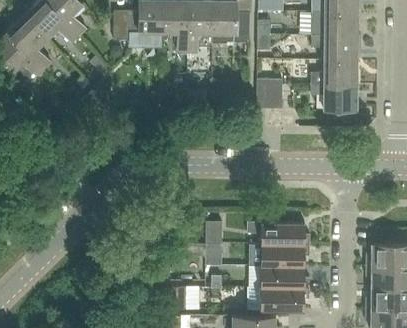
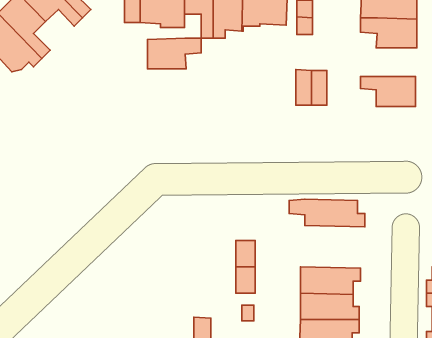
building: none -> [147,38,201,69]
building: [310,62,357,86] -> none
building: [247,223,310,246] -> [289,199,365,227]

